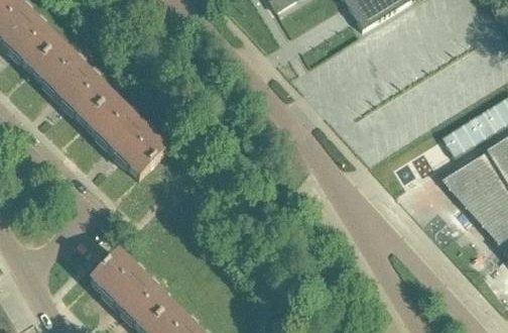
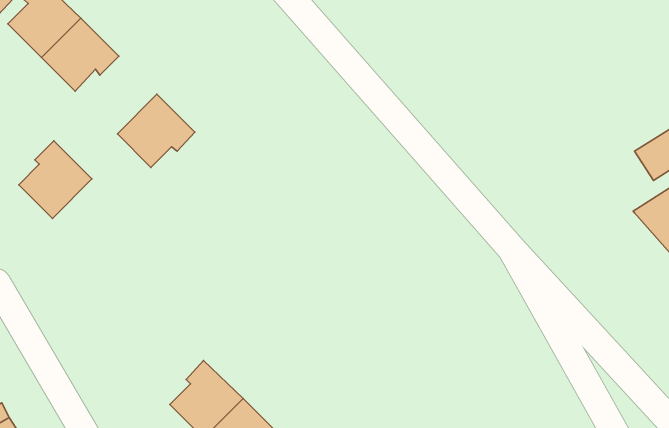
building: [65,70,115,123] -> [19,141,92,218]
building: [118,122,168,177] -> none
building: [94,252,147,303] -> none

